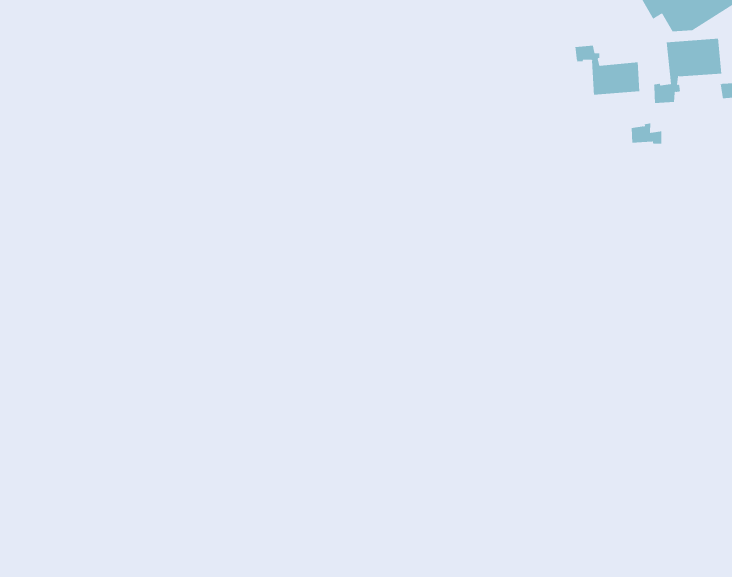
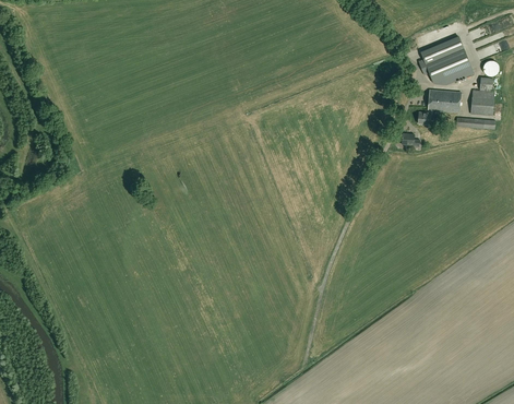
building: [575,45,640,95] -> none

